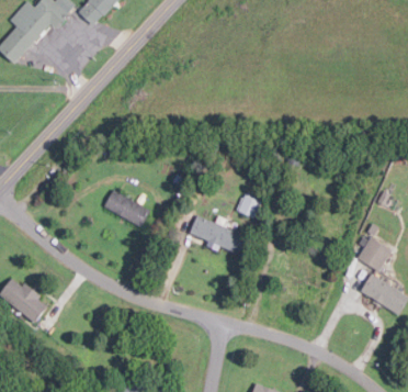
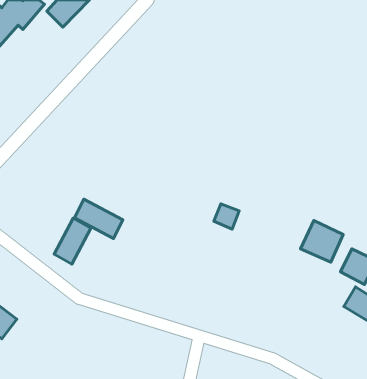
building: none -> [54,218,91,264]
building: none -> [300,220,343,262]
building: [189,215,247,255] -> none

